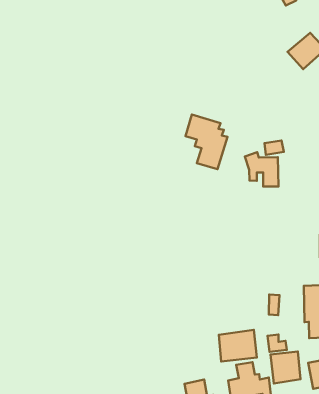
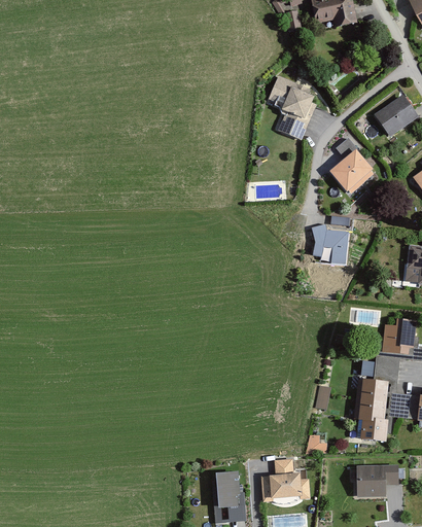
building: none -> [327,137,371,191]
building: [185,114,228,169] -> [269,75,316,140]
building: [219,330,257,362] -> none
building: [271,351,300,383] -> none

